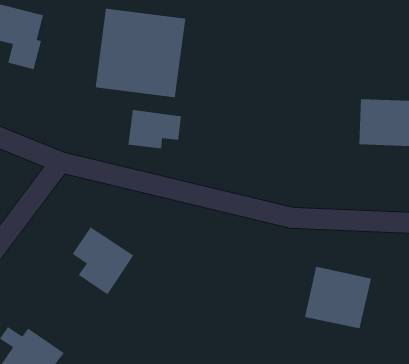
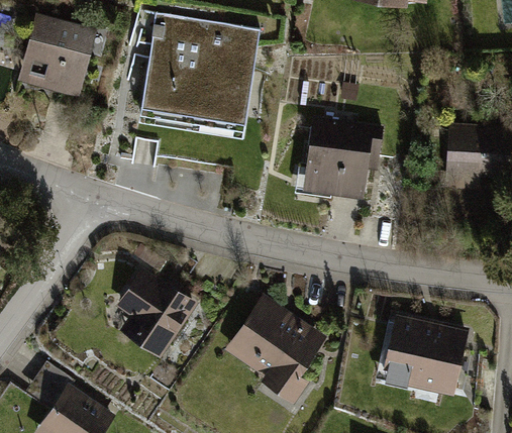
building: none -> [305,120,381,195]
building: [128,109,181,149] -> none
building: none -> [229,298,323,399]

